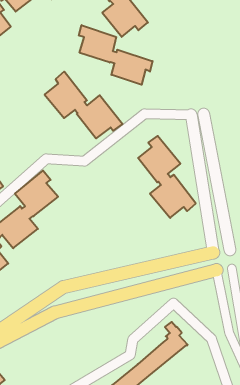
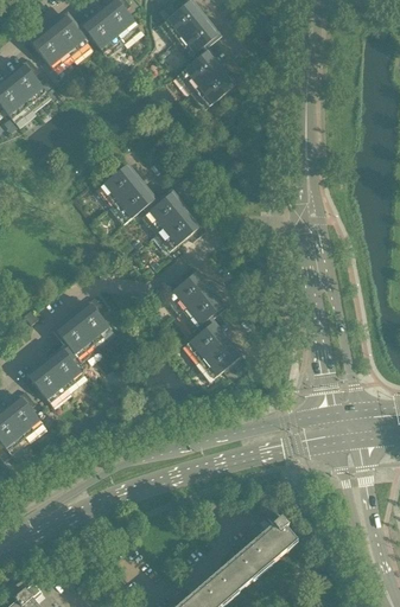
building: [79,25,153,85] -> none
building: [138,136,196,218] -> [165,263,246,378]

